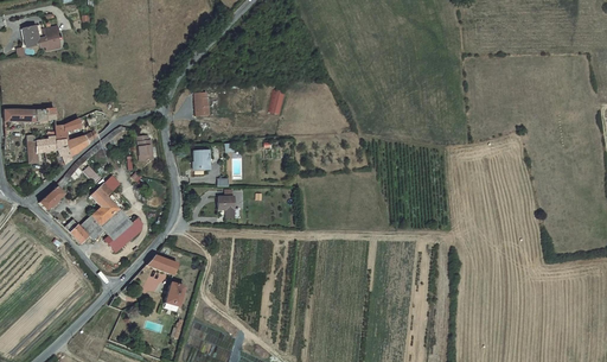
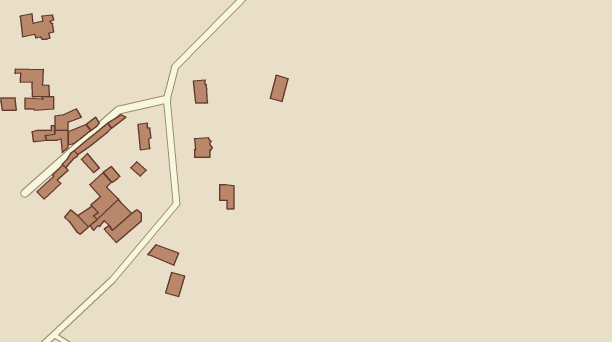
building: none -> [15,69,49,97]

